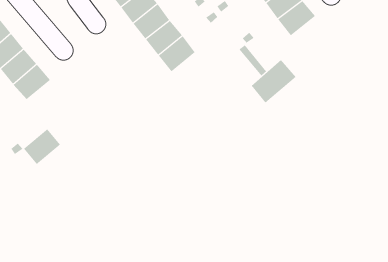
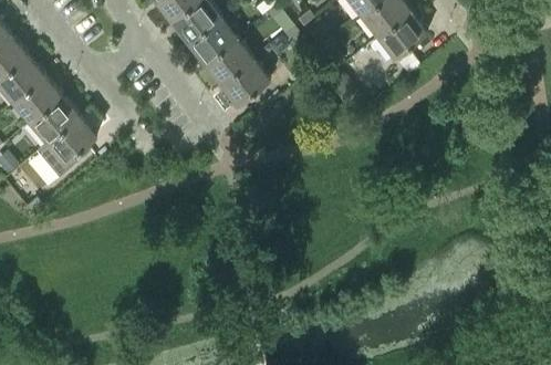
building: [251,59,296,103] -> none
building: [23,129,61,165] -> [46,115,96,163]

